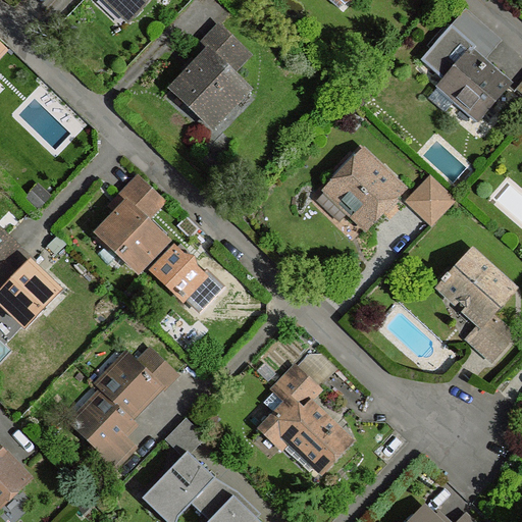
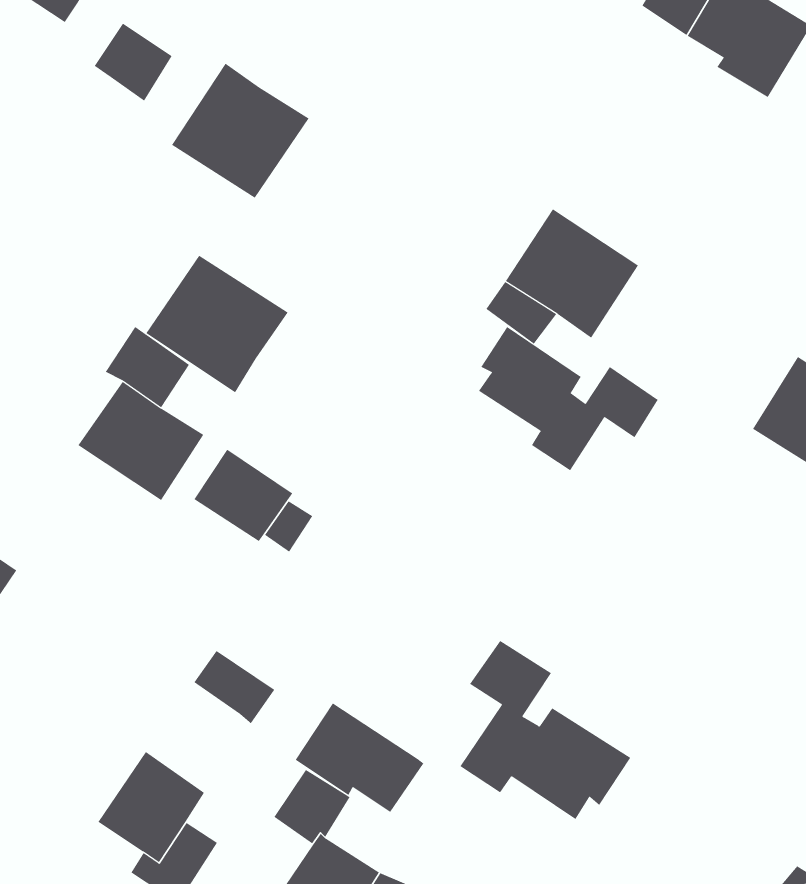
building: [199,25,240,67] -> [94,23,173,101]
building: none -> [145,255,288,393]
building: [408,179,451,222] -> none
building: none -> [478,326,658,471]
building: [98,358,155,415] -> none
building: none -> [295,702,424,813]

